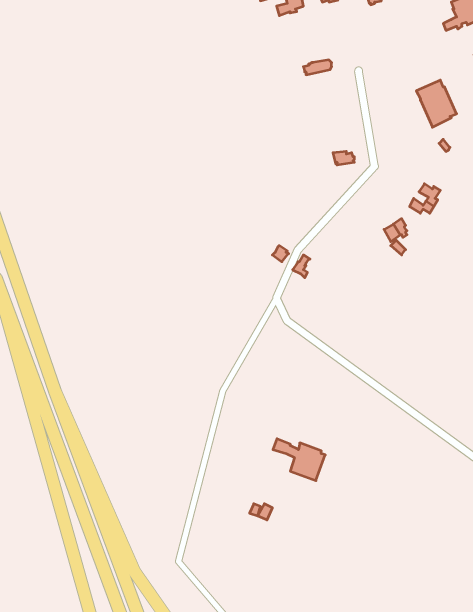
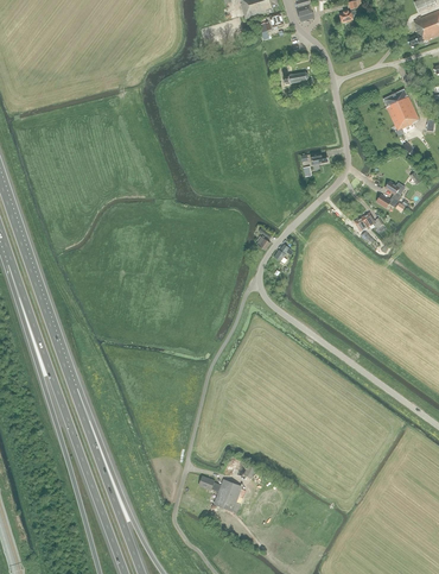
building: [273,439,325,481] -> [199,474,246,511]

